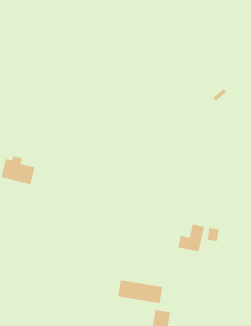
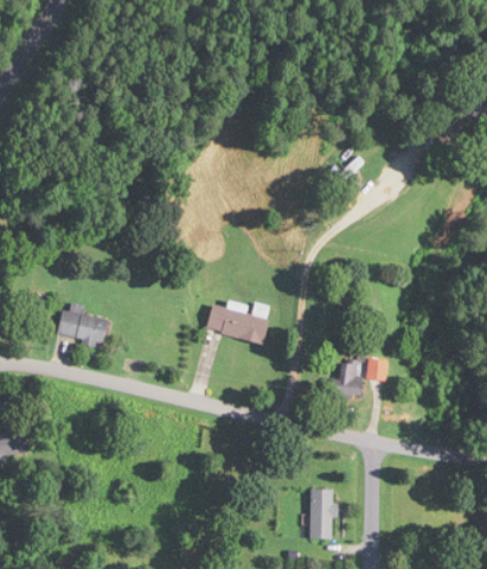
building: none -> [205,305,268,344]
building: [117,279,163,304] -> none

